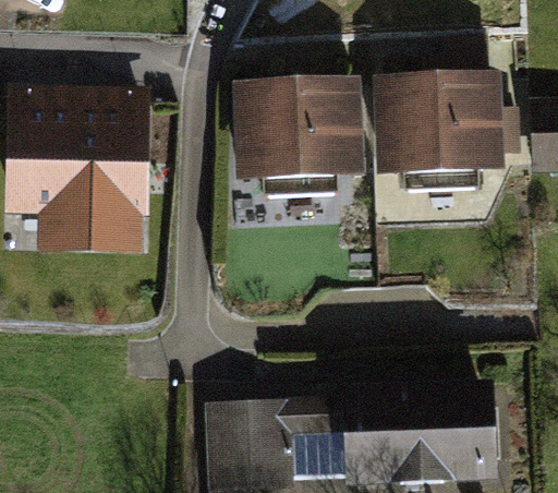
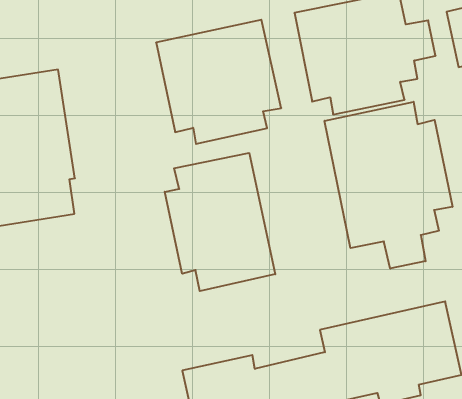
building: none -> [325,102,452,269]
building: none -> [165,153,275,291]

